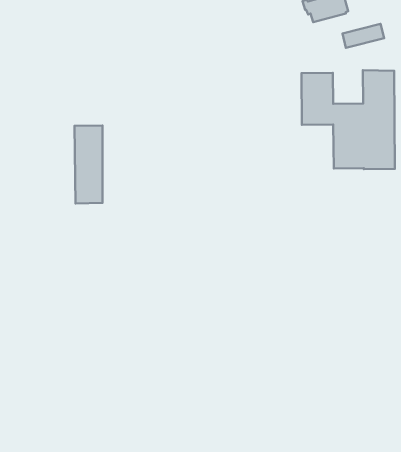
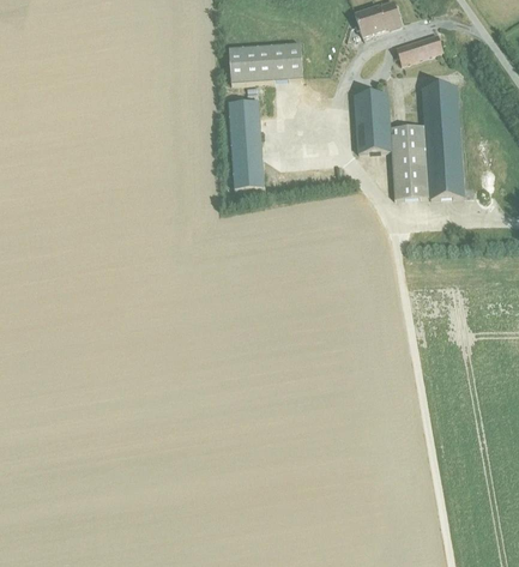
building: none -> [229,42,303,83]
building: [75,125,103,203] -> [229,99,265,188]

